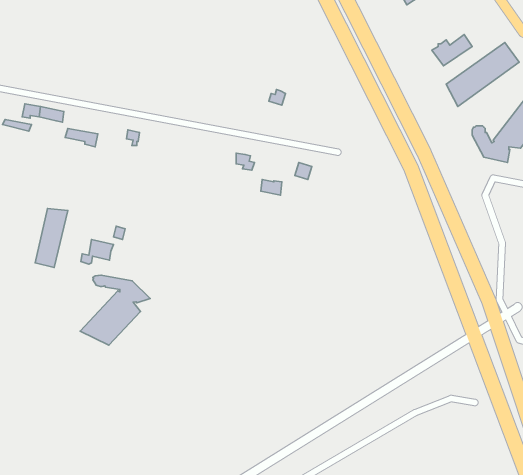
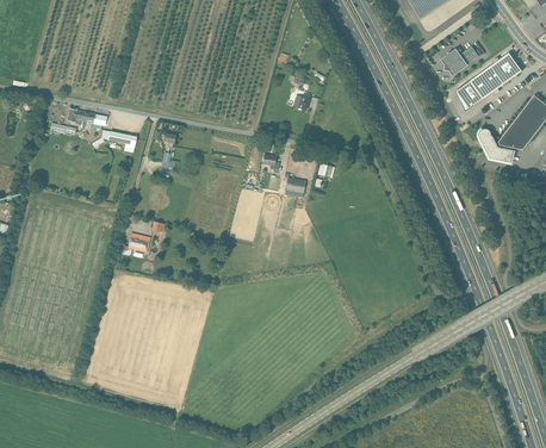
building: [35,208,68,268] -> none
building: [80,275,150,345] -> none

